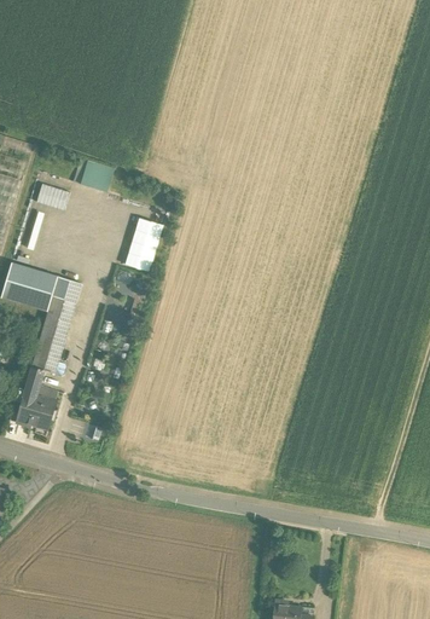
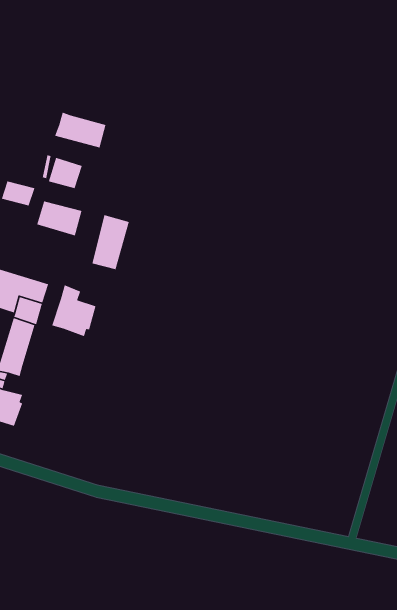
building: none -> [54,111,106,149]
building: none -> [36,200,82,237]
building: none -> [51,284,96,337]

